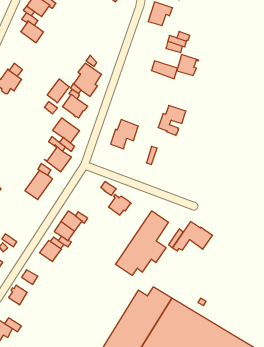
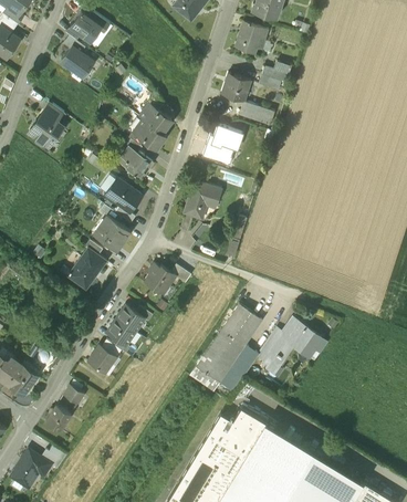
building: [177,54,199,76] -> [221,73,251,102]
building: [47,79,69,103] -> none
building: [158,105,186,136] -> [204,126,241,167]
building: [108,195,131,215] -> [145,265,176,293]

